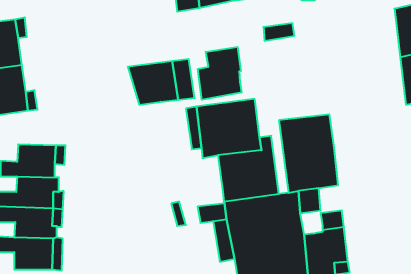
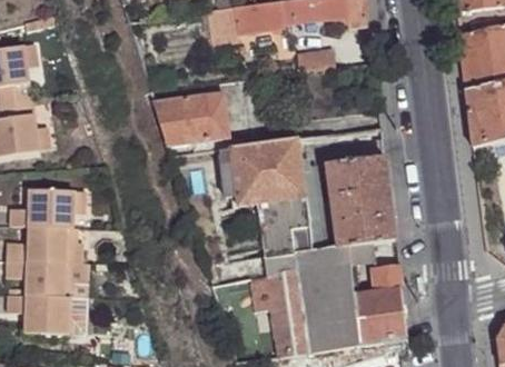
building: [198,47,241,100] -> none

